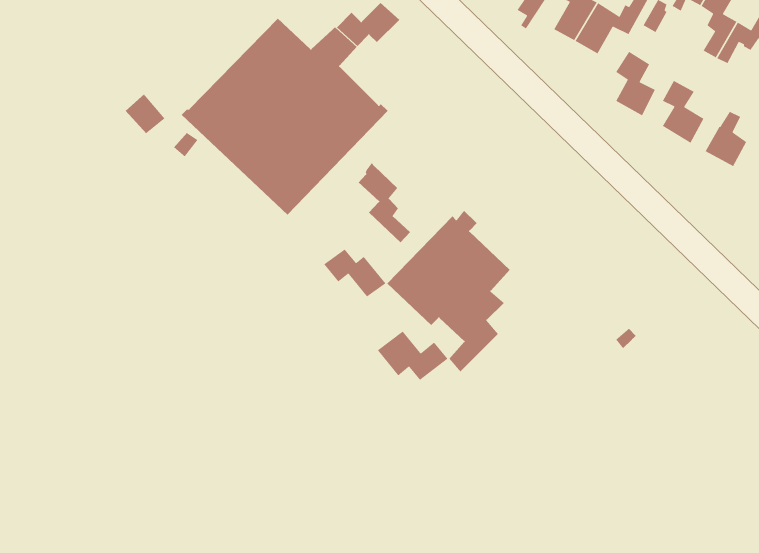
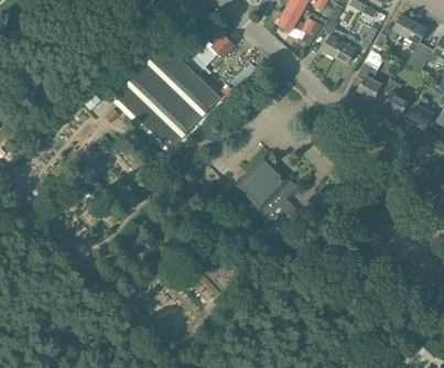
building: [358,162,411,243] -> none
building: [323,249,386,298] -> none
building: [377,331,448,381] -> none

